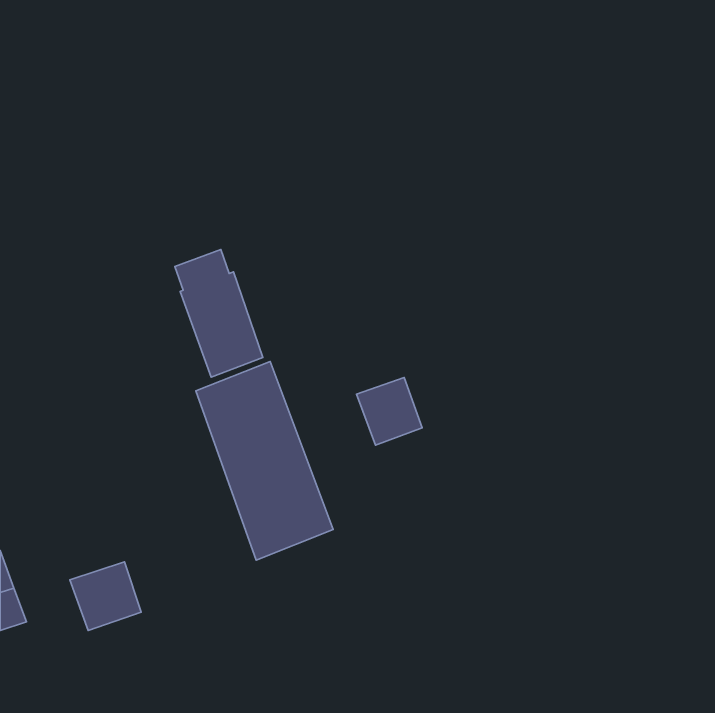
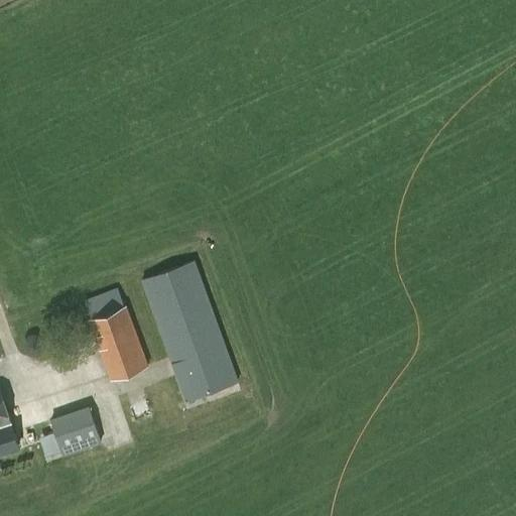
building: [175,250,263,377] -> [85,290,148,382]
building: [356,378,422,445] -> none

